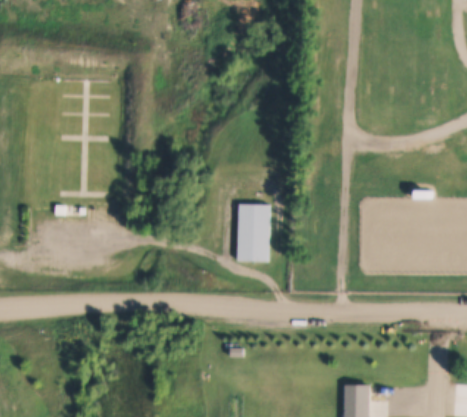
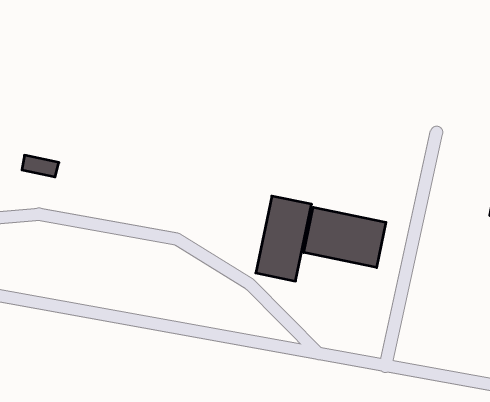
building: none -> [304,207,386,268]

